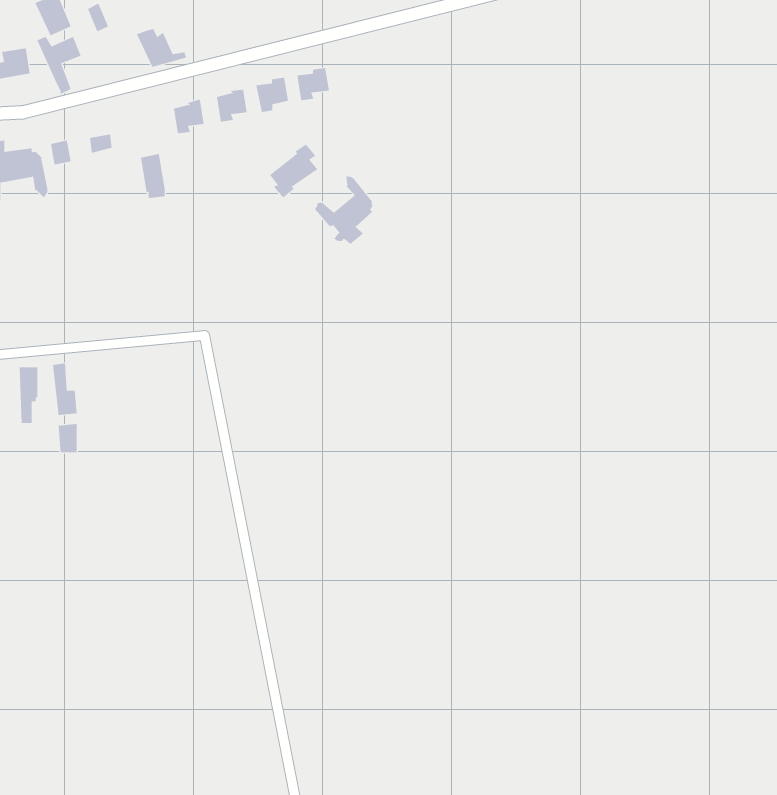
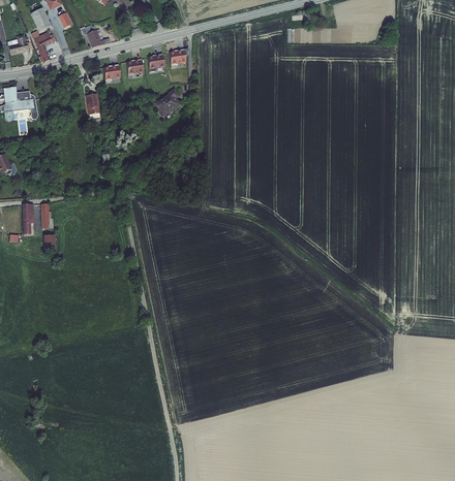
building: [315,176,373,245] -> none

